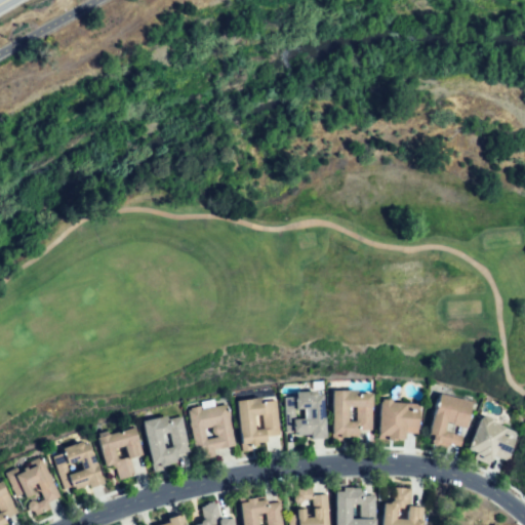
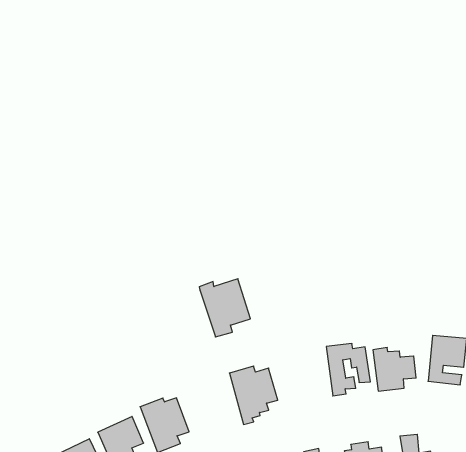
building: [285,391,328,437] -> none
building: [190,405,235,459] -> [199,279,250,337]

